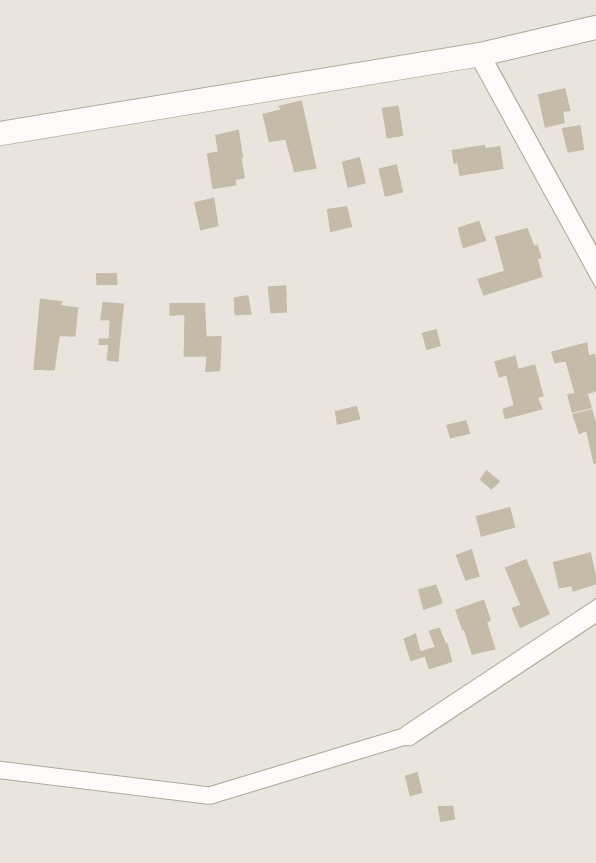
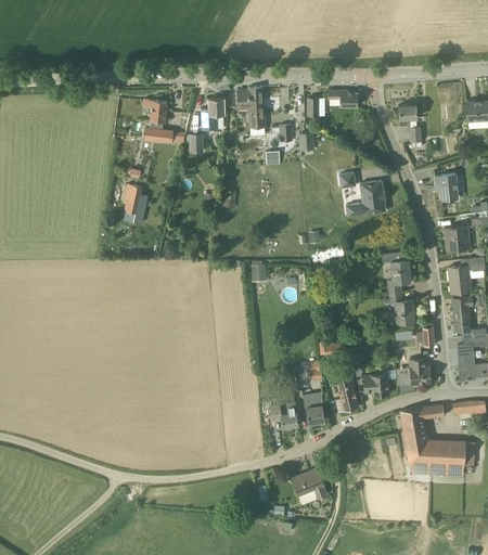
building: [451,144,505,177] -> [328,90,357,106]
building: [33,298,79,371] -> none
building: [168,303,223,372] -> [143,99,172,143]
building: [494,355,544,420] -> none
building: none -> [291,467,326,504]

